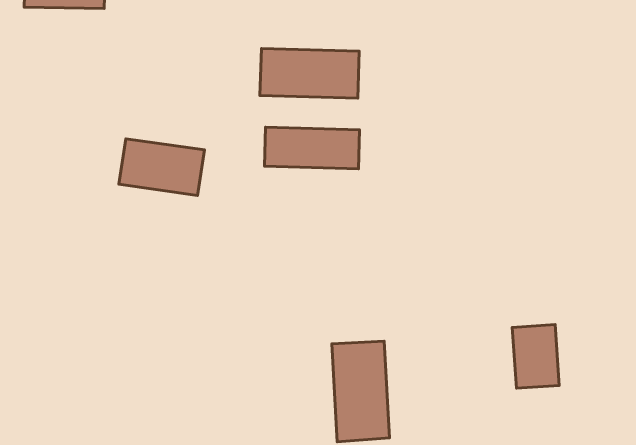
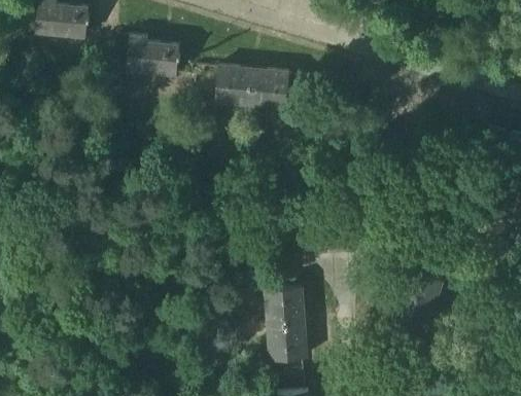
building: [264,127,359,169] -> none
building: [119,139,204,195] -> [123,37,186,79]

